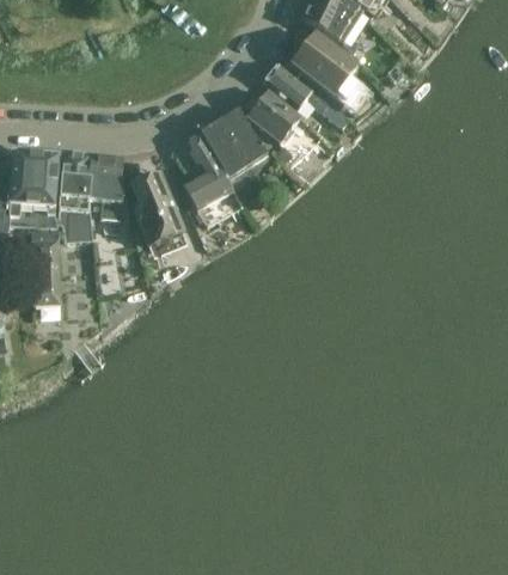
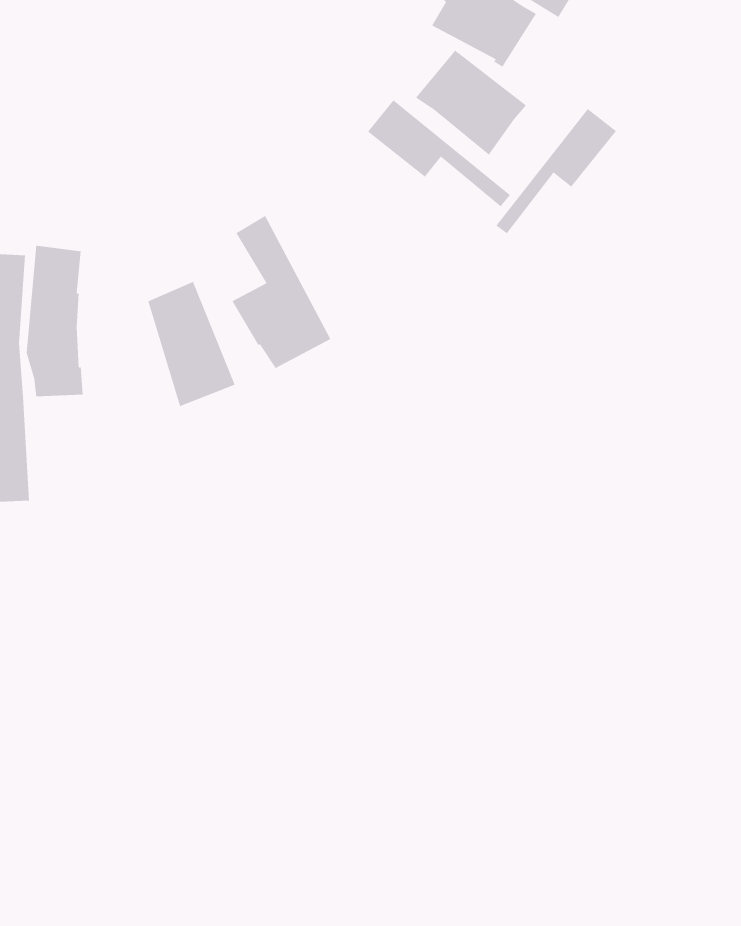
building: none -> [496,108,617,234]
building: [246,90,299,141] -> none
building: [200,106,265,204] -> none
building: [87,152,121,218] -> none

